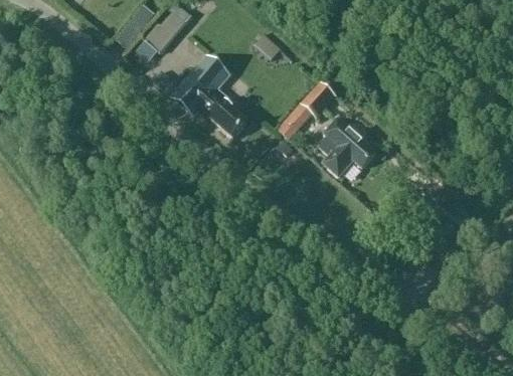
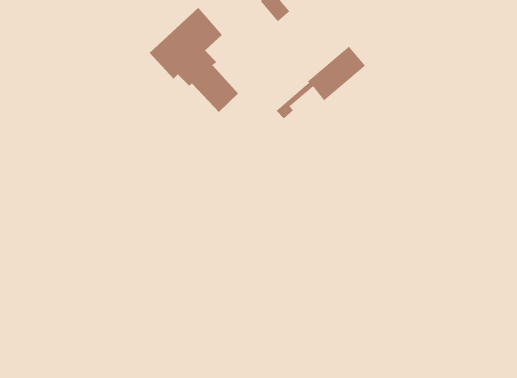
building: [318,119,375,176] -> none

